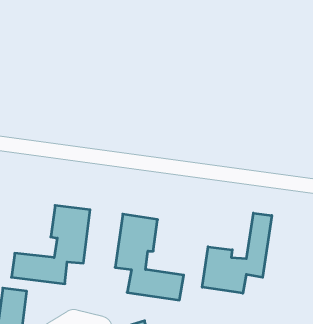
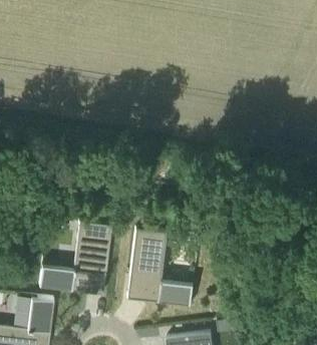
building: [202,213,272,293] -> none

